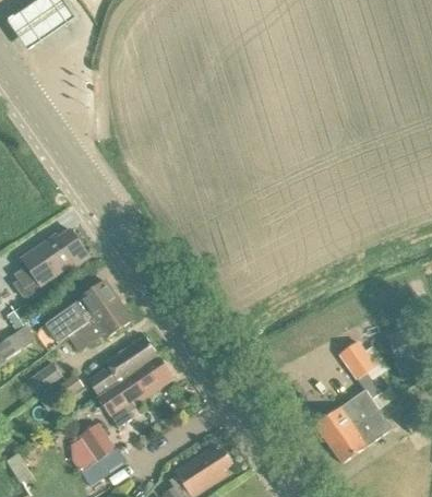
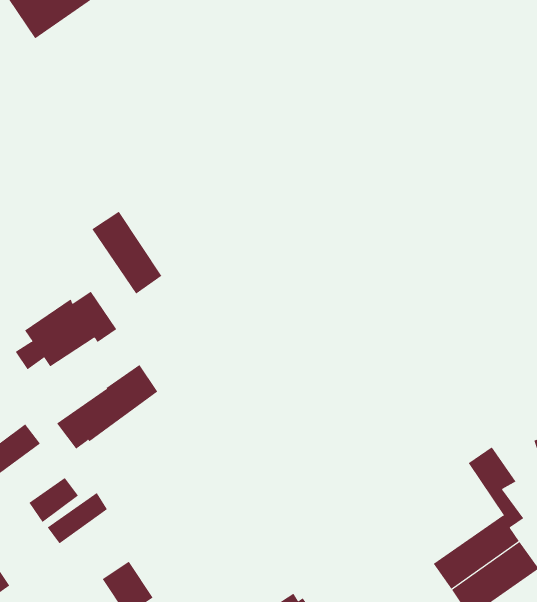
building: none -> [92,211,162,294]
building: [68,301,131,352] -> none
building: [86,336,156,394] -> none
building: [97,357,169,429] -> none

